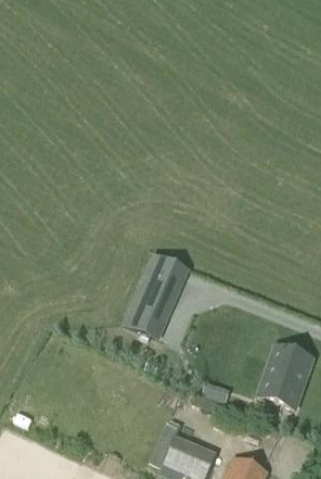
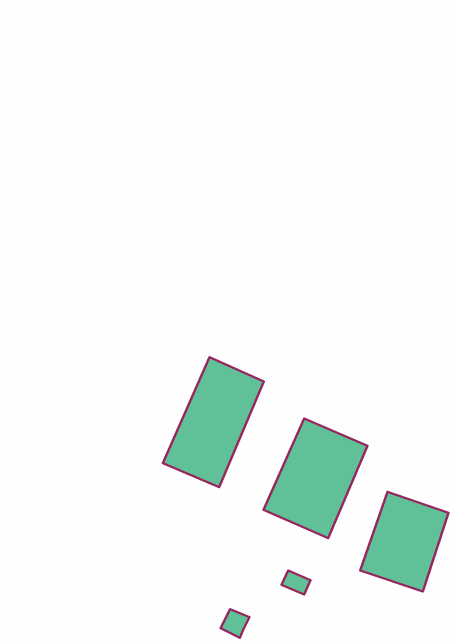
building: none -> [264,419,368,538]

